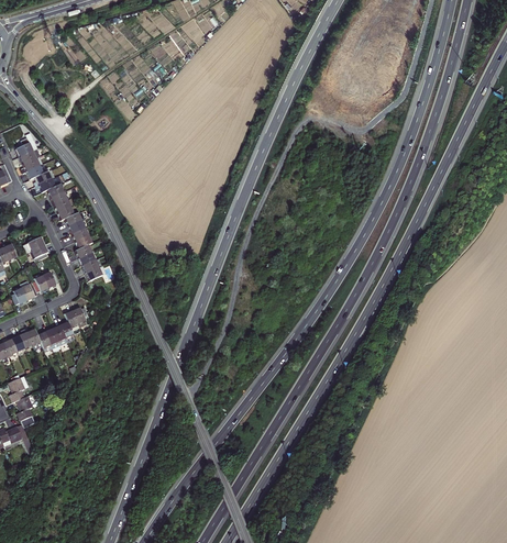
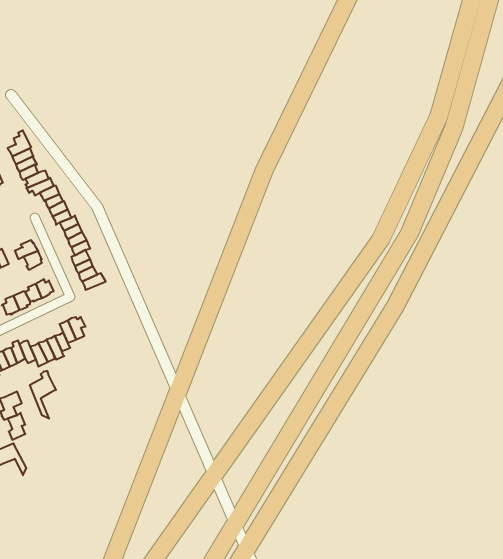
building: none -> [30,371,56,419]

